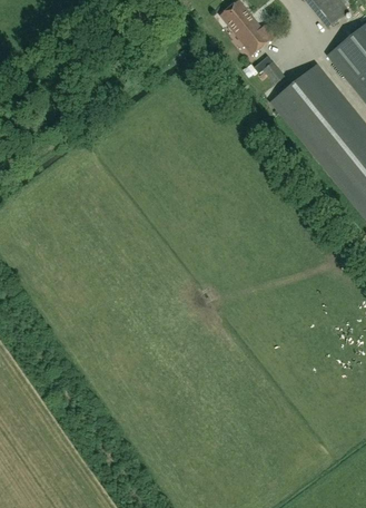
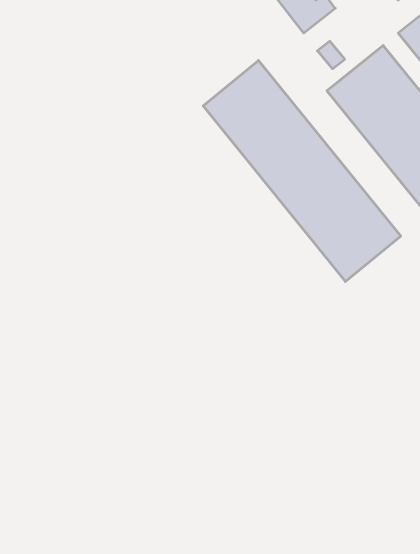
building: none -> [203,60,401,282]

